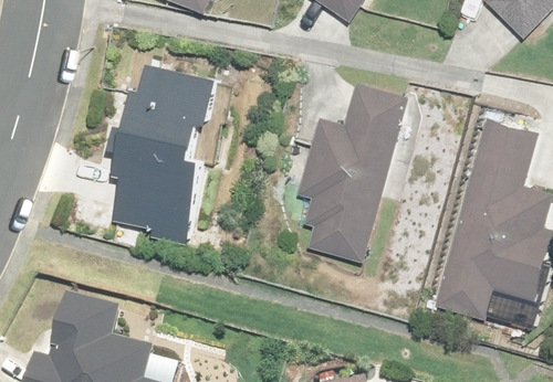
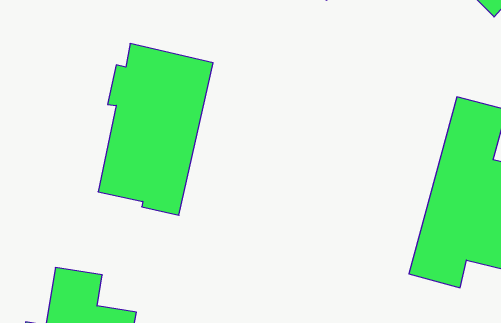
building: [296,86,408,262] -> none

